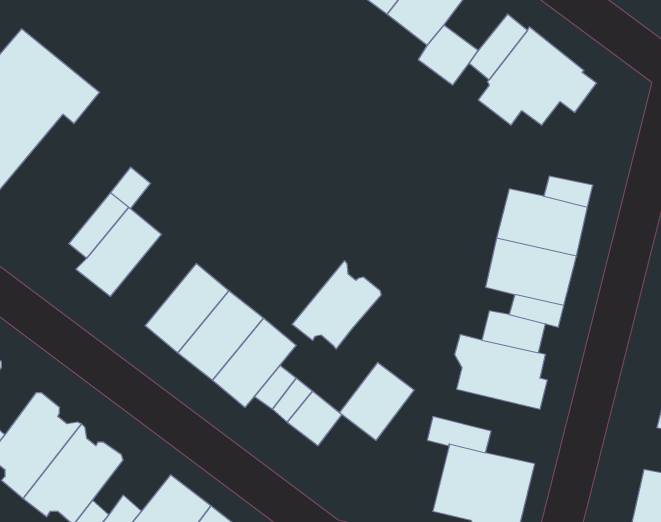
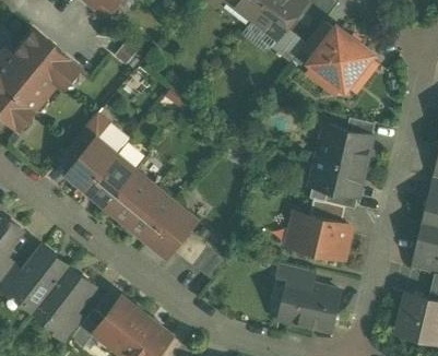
building: none -> [86,153,138,207]
building: [292,261,381,349] -> none
building: [339,362,414,440] -> none

